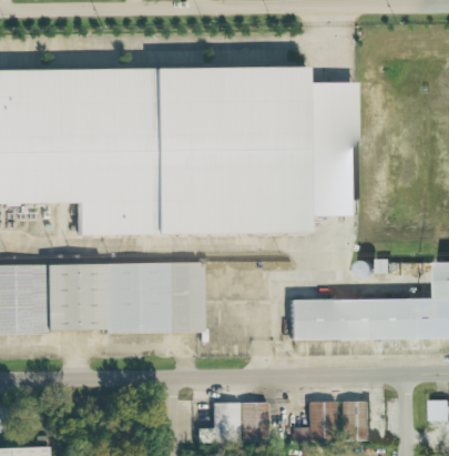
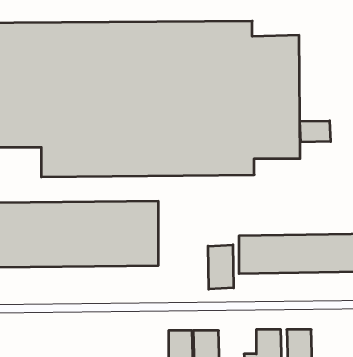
building: none -> [300,121,331,142]
building: none -> [208,245,234,289]

